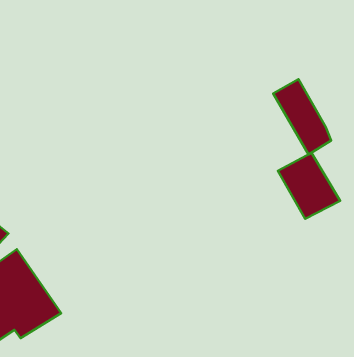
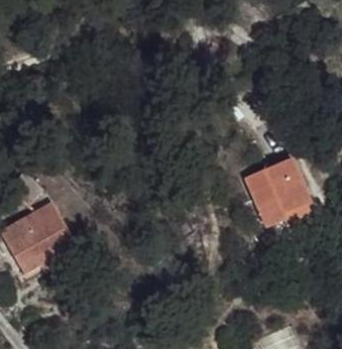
building: [273,79,331,155] -> [243,165,284,226]

